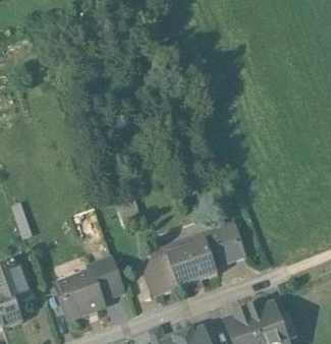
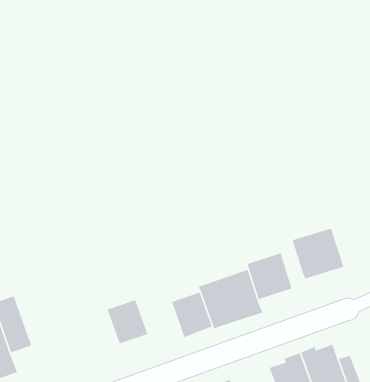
building: none -> [292,228,345,279]
building: [55,275,104,321] -> none

